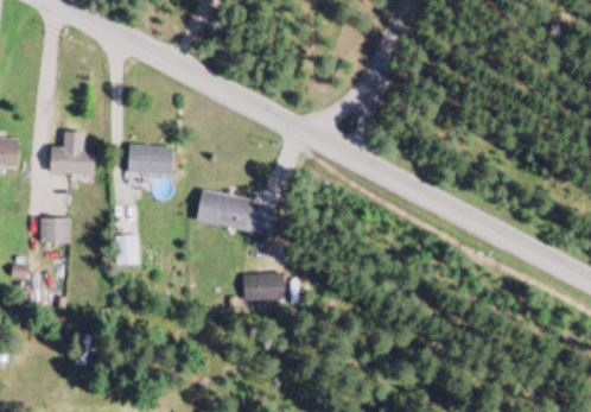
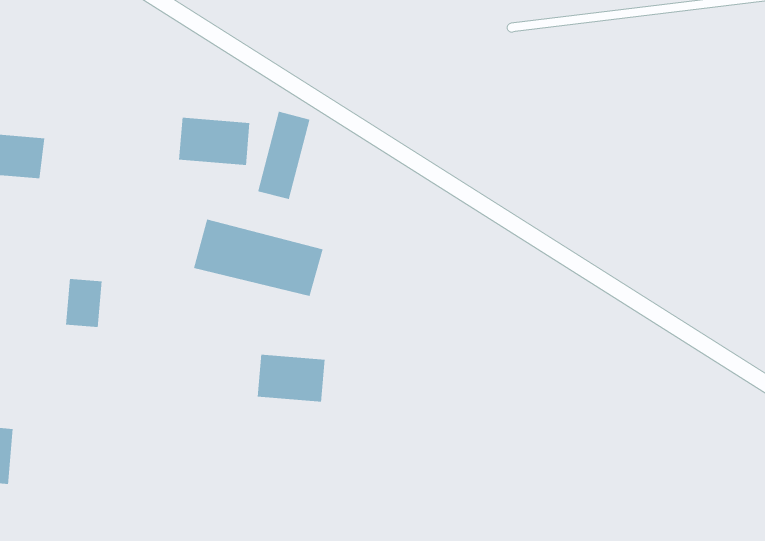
building: none -> [258,111,310,200]
building: [128,146,172,173] -> [178,117,250,166]

